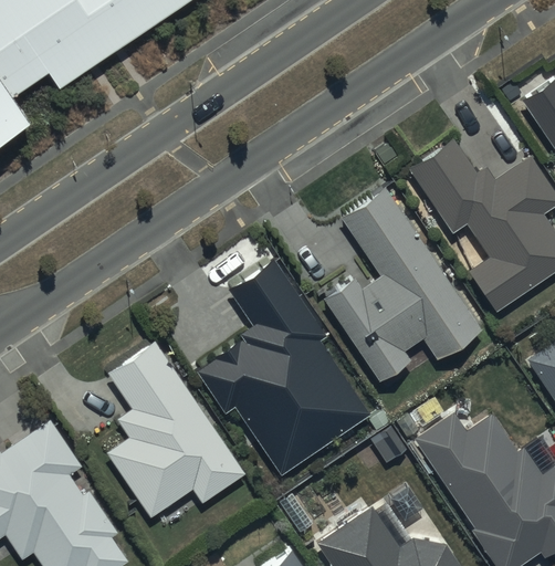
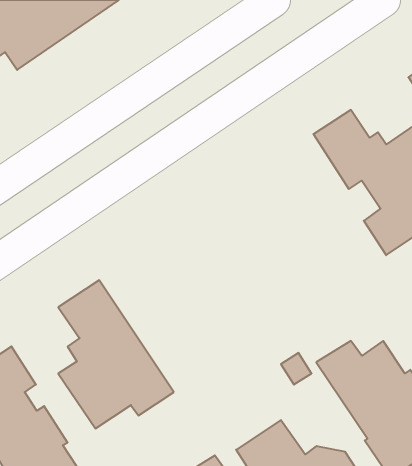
building: [324,187,482,380] -> none
building: [199,260,371,476] -> none

